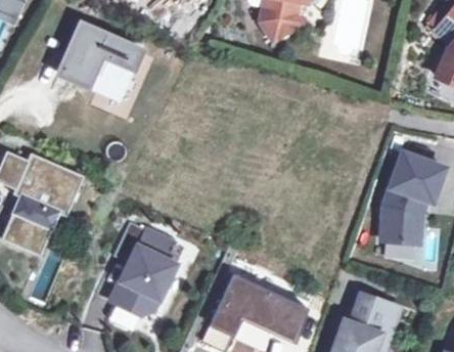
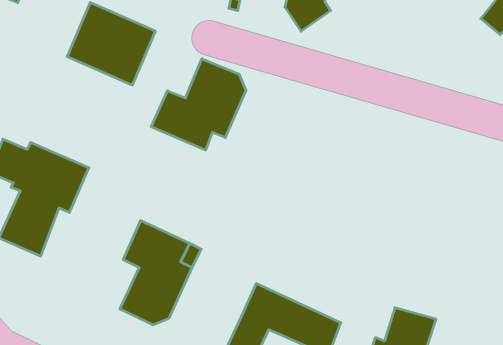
building: none -> [151,59,246,150]
building: [383,156,447,246] -> none

